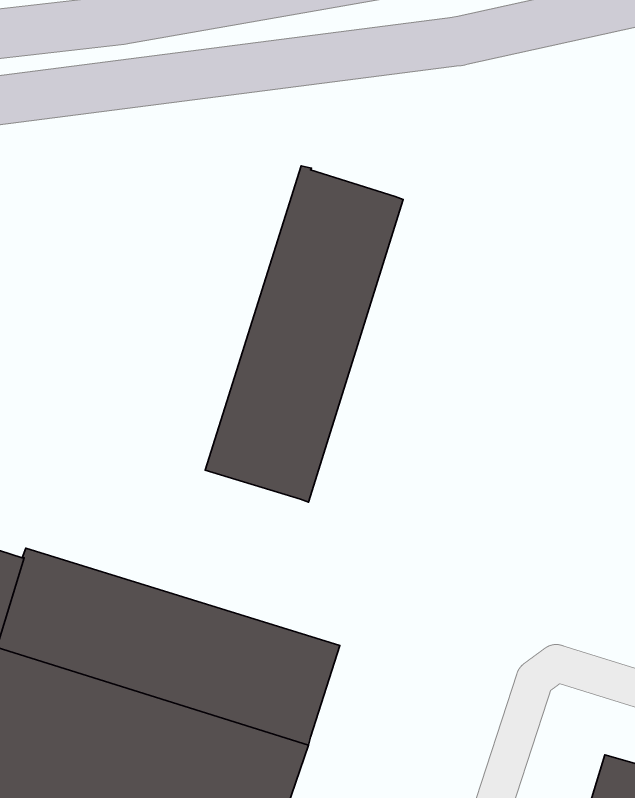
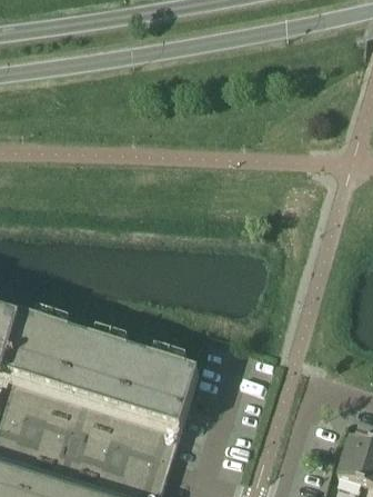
building: [205,166,403,502] -> none

